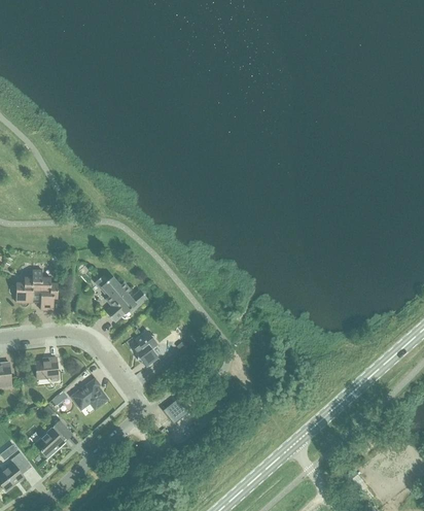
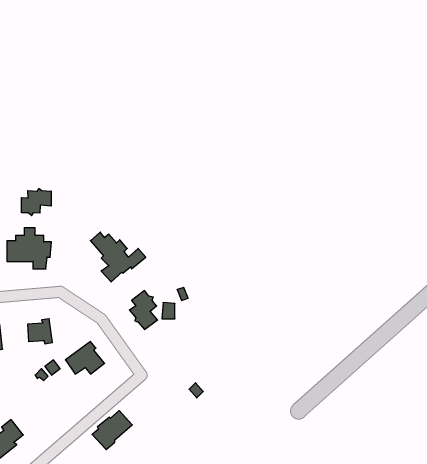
building: none -> [22,189,51,216]
building: [162,396,190,423] -> none
building: [33,420,71,457] -> [92,411,132,450]

